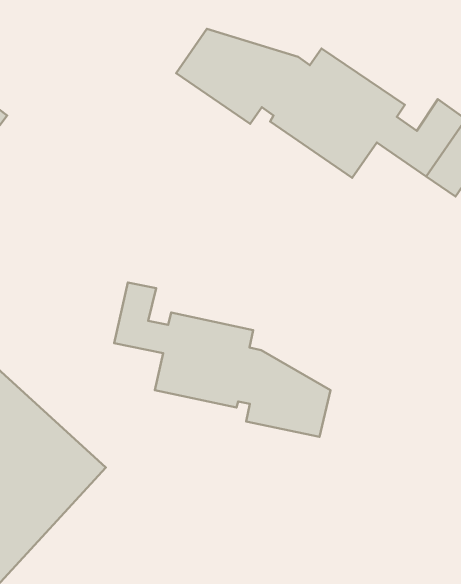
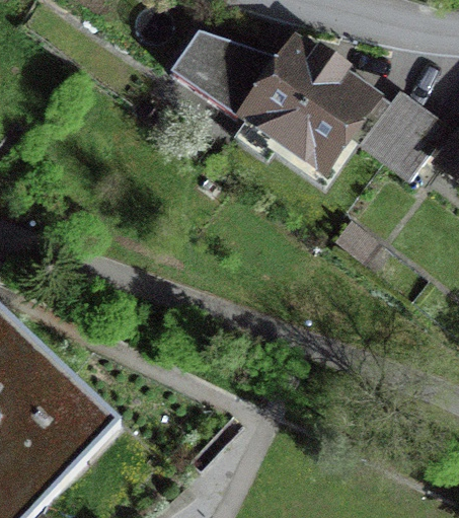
building: [114,283,330,437] -> none

